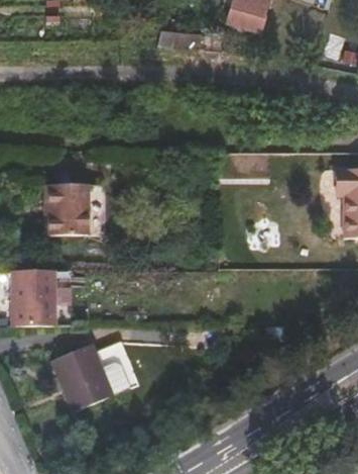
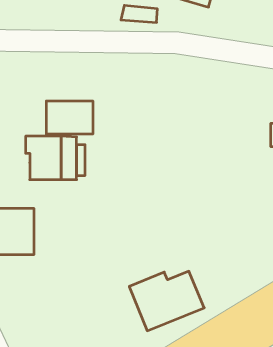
building: none -> [46,101,93,134]
building: [50,342,139,412] -> [129,271,204,331]

